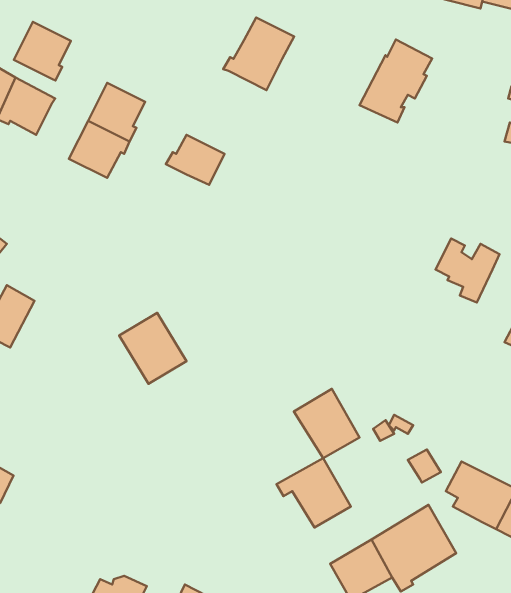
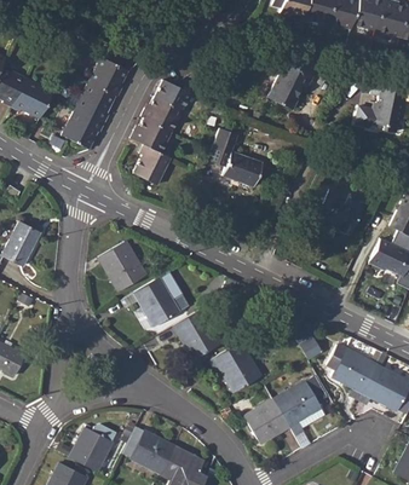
building: [223,17,294,90] -> [142,79,191,129]
building: [14,22,71,81] -> [90,53,129,94]
building: none -> [208,127,263,185]
building: none -> [134,144,171,183]
building: none -> [134,272,188,327]
building: [294,389,359,458] -> [174,310,220,358]

